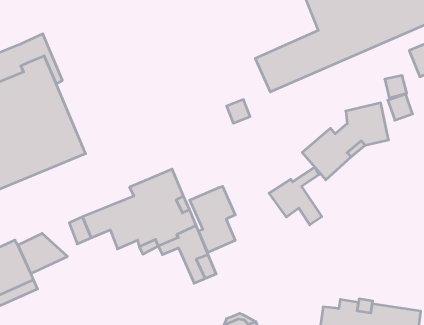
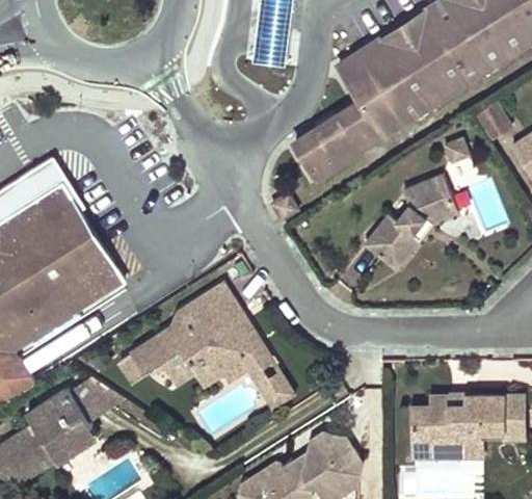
building: [269,167,322,225] -> none
building: [190,186,235,253] -> none

